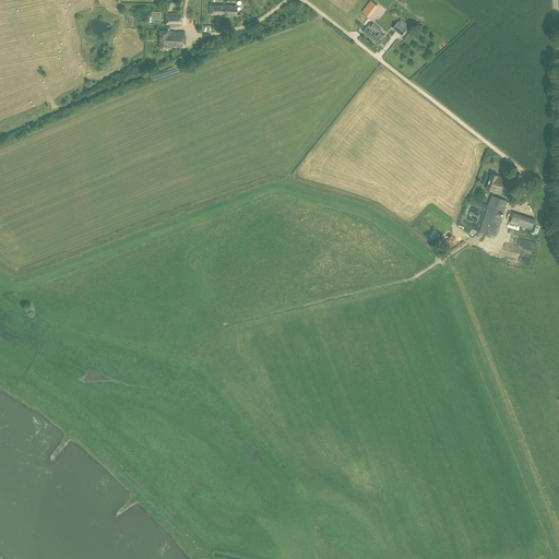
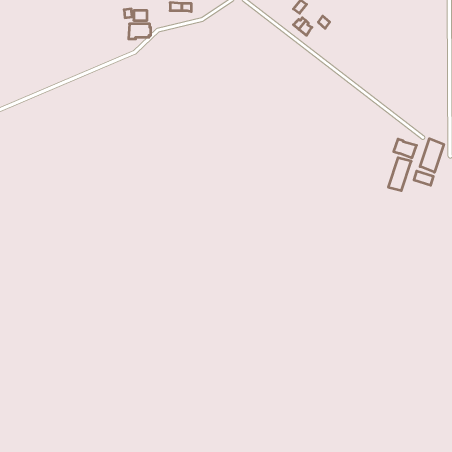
building: none -> [420,139,444,172]

